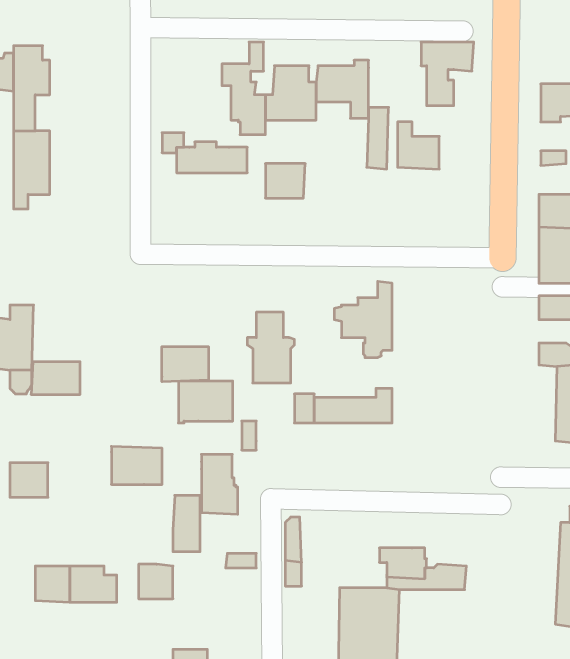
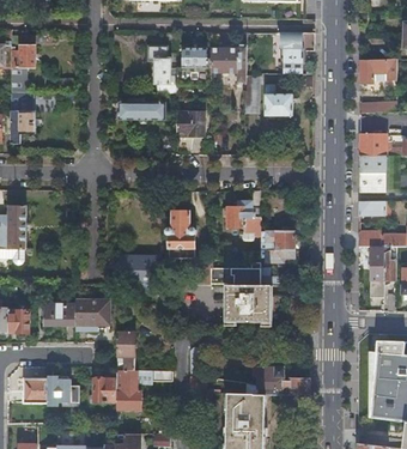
building: none -> [265,231,294,257]
building: [162,347,208,382] -> none
building: [31,362,80,394] -> [43,303,75,324]
building: none -> [230,284,269,320]
building: [201,454,238,514] -> [116,369,140,408]

